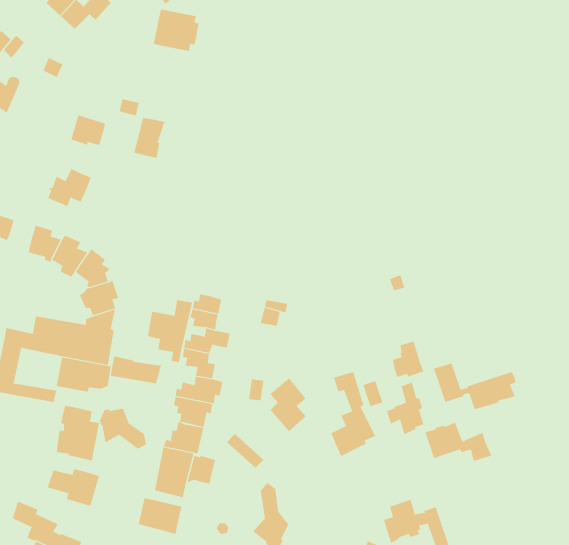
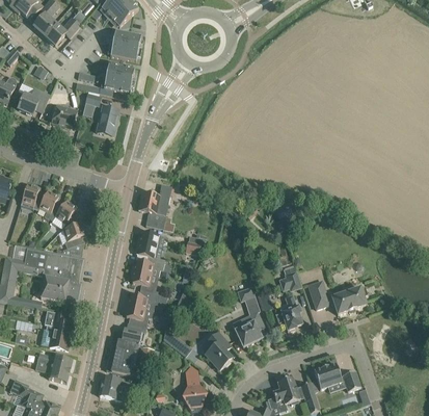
building: none -> [103,62,136,94]
building: [47,169,91,207] -> [18,88,49,115]
building: [147,299,193,363] -> [139,184,171,229]
building: [110,356,162,384] -> none
building: [270,378,306,432] -> [205,332,231,370]
building: [99,408,147,449] -> none
building: [425,422,492,462] -> [313,363,360,391]

